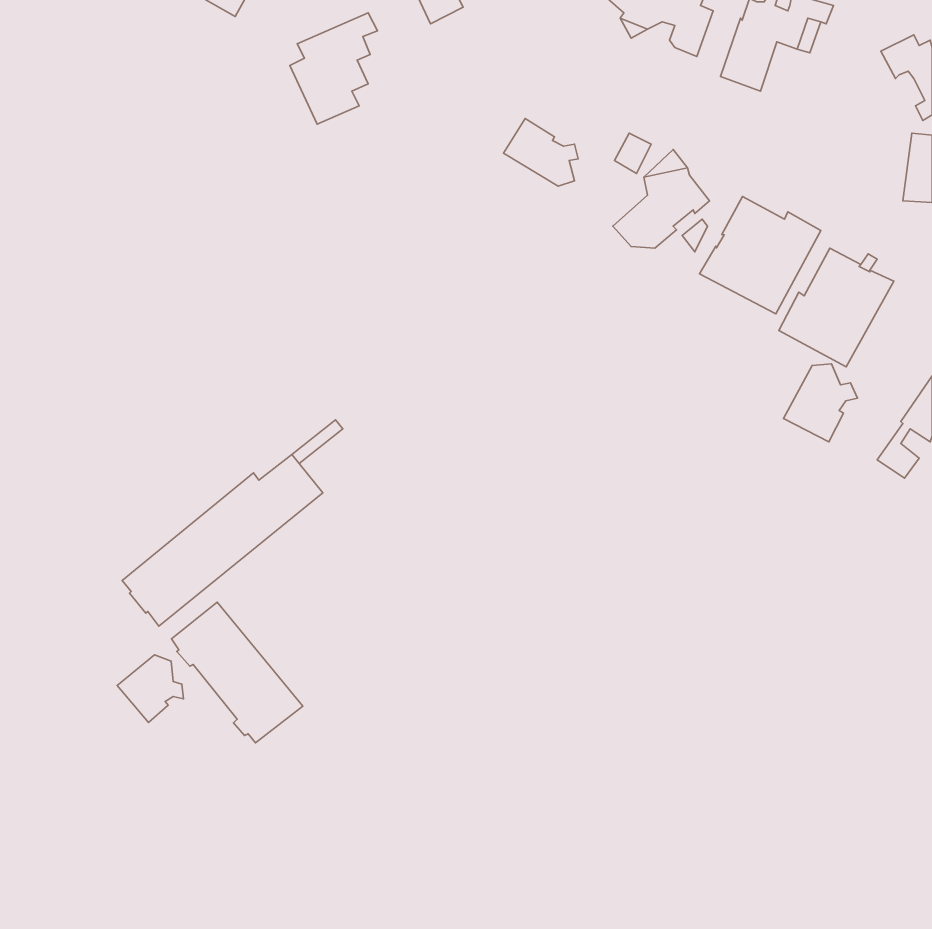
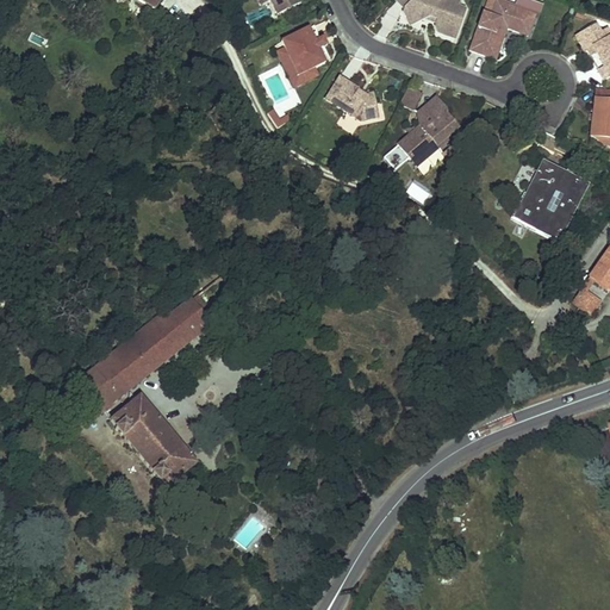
building: [290,13,377,124] -> [274,13,331,86]
building: [699,197,821,314] -> none
building: [784,364,857,442] -> none
building: [117,655,183,722] -> none

